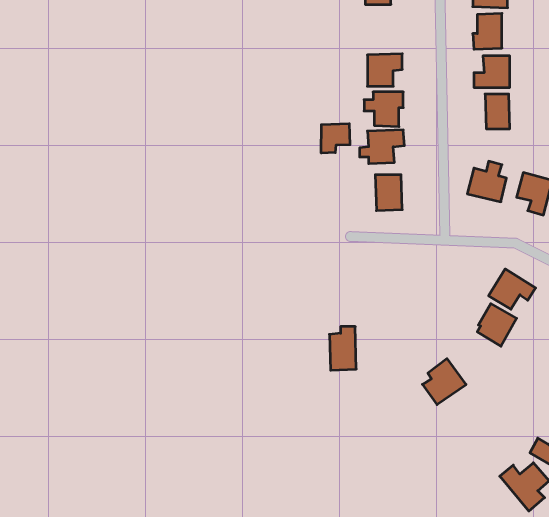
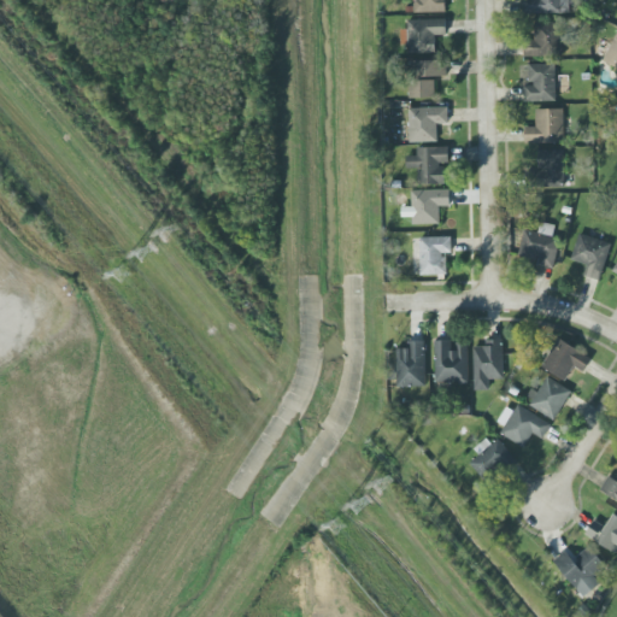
building: none -> [411,59,445,99]
building: [321,124,350,153] -> none
building: none -> [472,339,503,390]
building: none -> [434,340,466,383]
building: [329,327,356,370] -> [395,340,424,387]
building: none -> [494,405,550,445]

